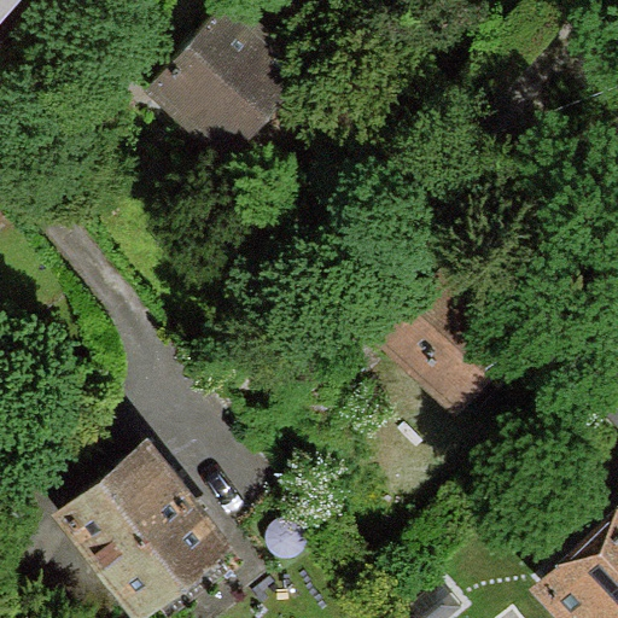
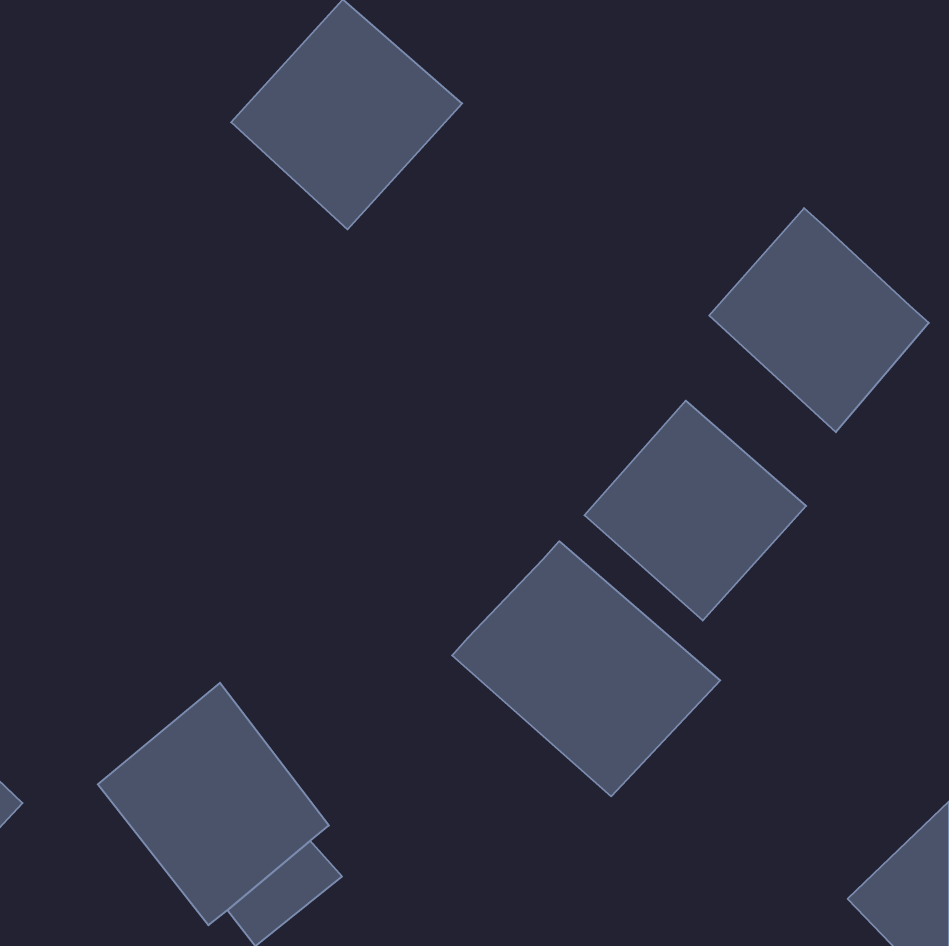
building: none -> [709,208,929,432]
building: none -> [452,541,720,796]

